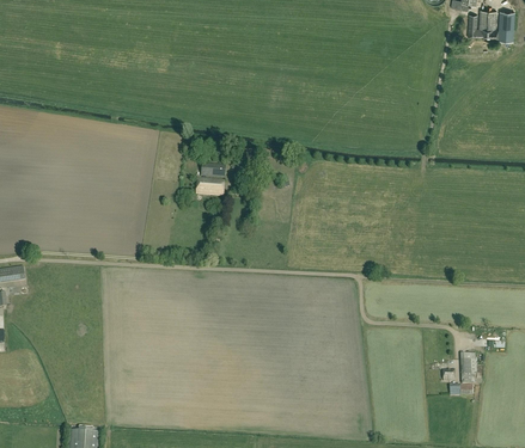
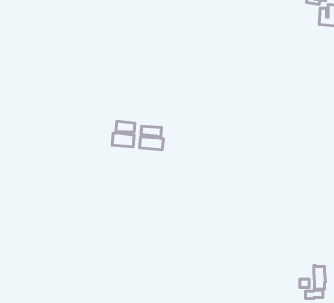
building: none -> [140,126,163,150]

